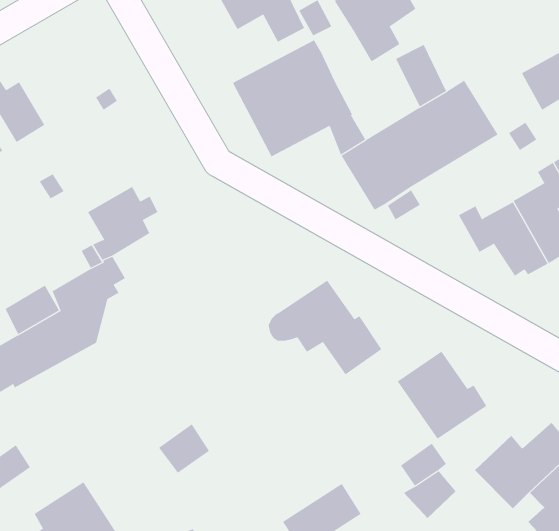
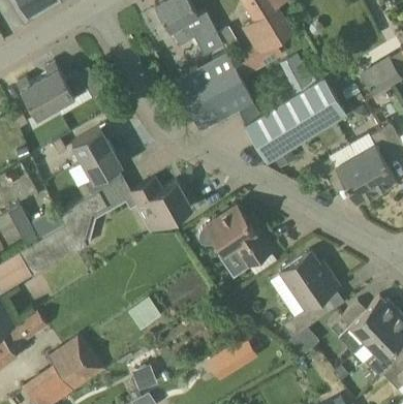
building: none -> [38,62,82,107]
building: none -> [71,125,112,163]
building: none -> [122,179,190,230]

